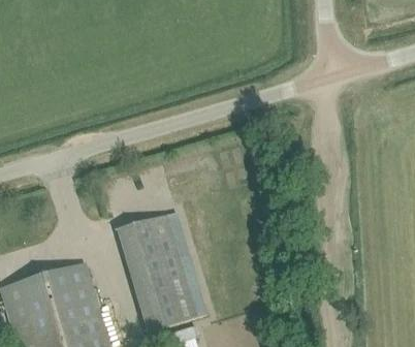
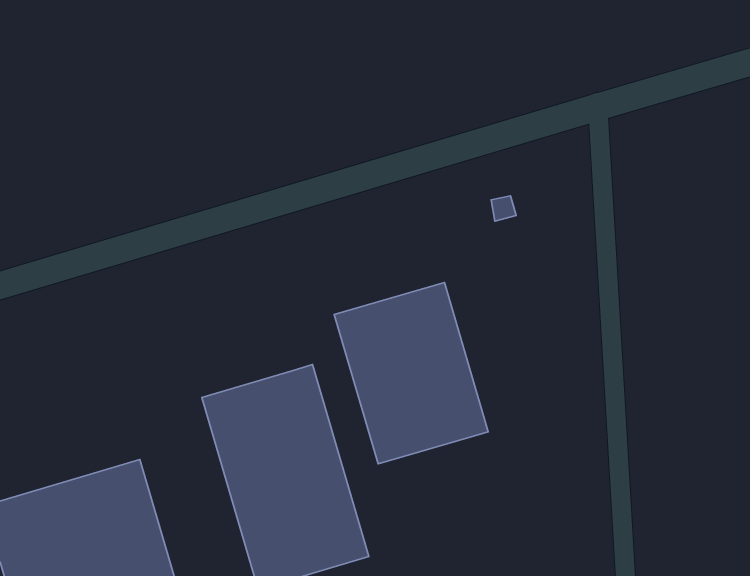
building: none -> [334,283,488,464]

